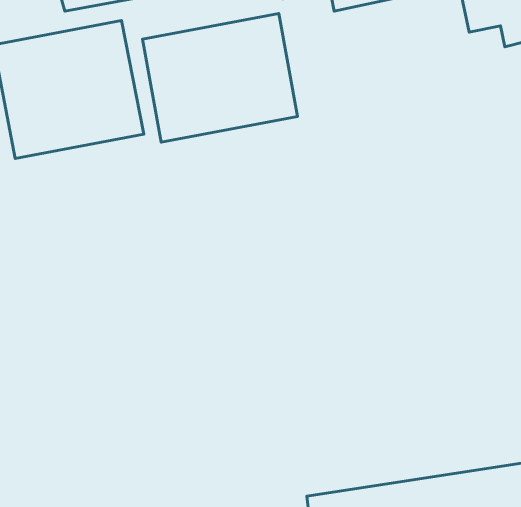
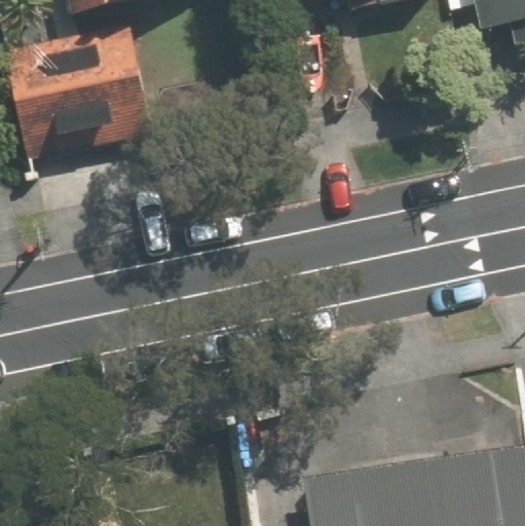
building: [143,14,297,142] -> none

